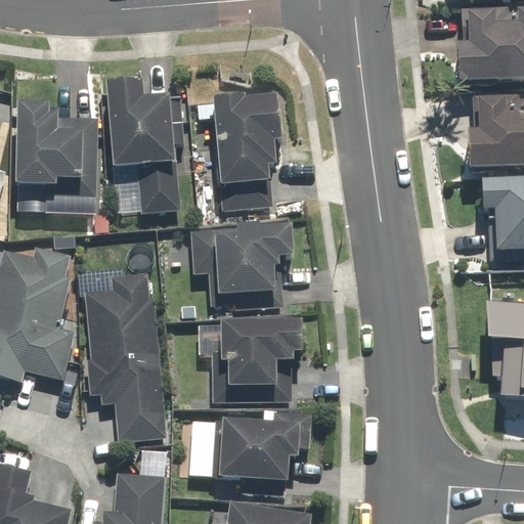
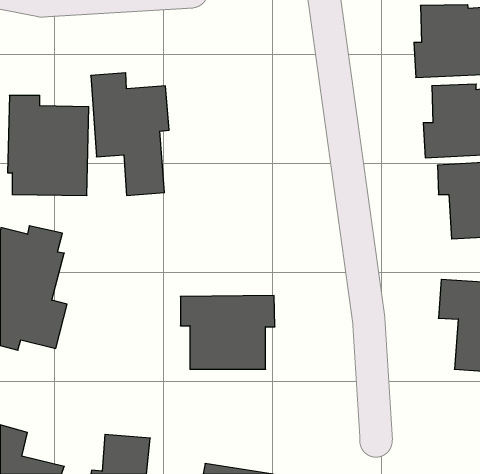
building: [208,92,279,210] -> none
building: [189,221,293,310] -> none
building: [84,270,167,440] -> none
building: [189,408,313,494] -> none

